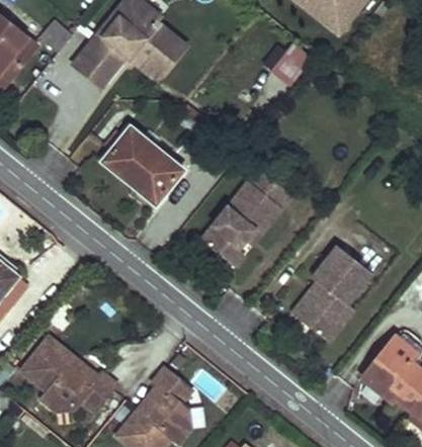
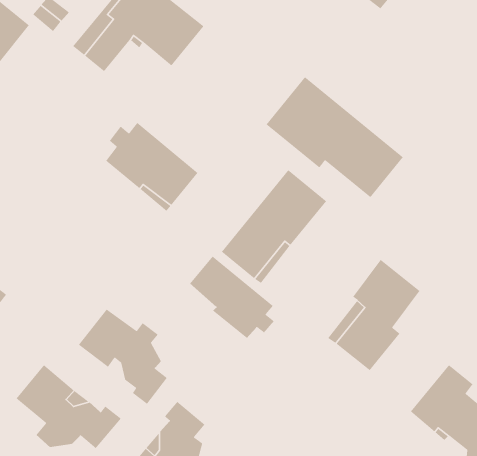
building: [266,39,311,87] -> none
building: none -> [266,76,404,198]
building: none -> [189,255,275,339]
building: none -> [78,308,168,405]

